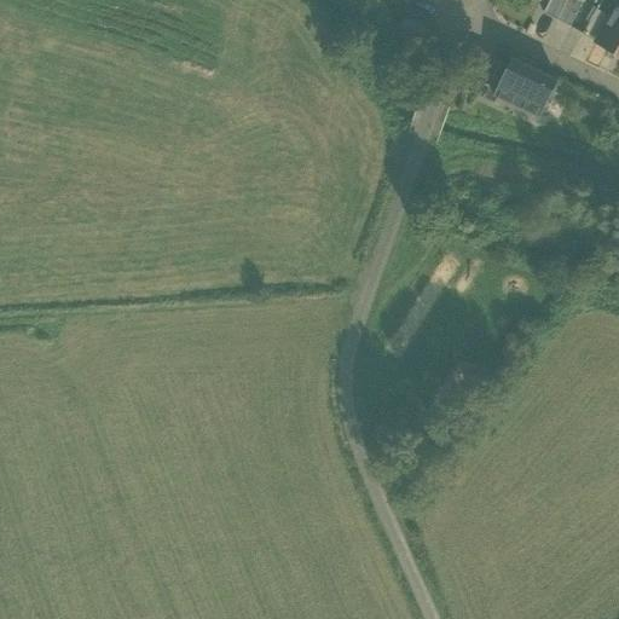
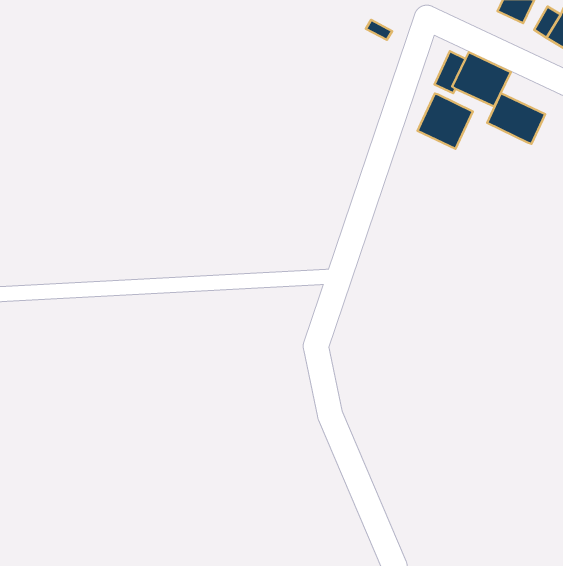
building: none -> [487,93,545,144]
building: none -> [417,93,473,149]

